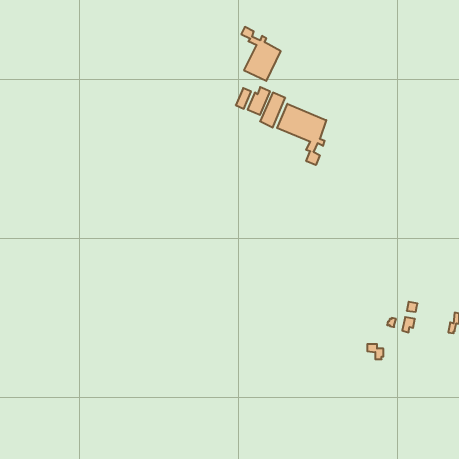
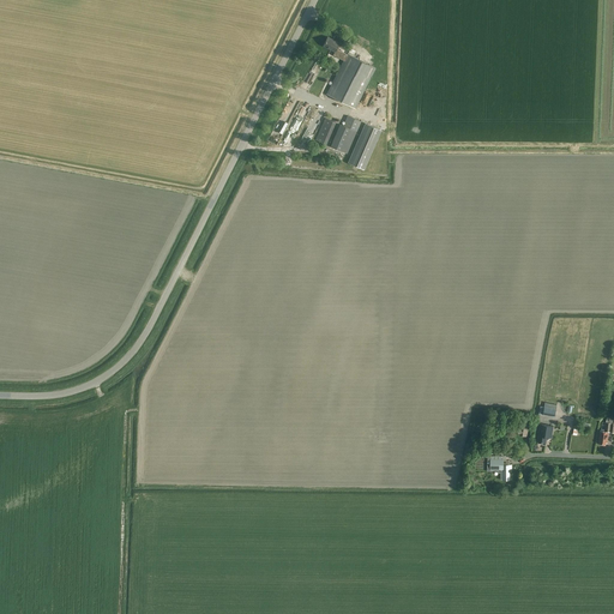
building: [277,104,326,165] -> none

